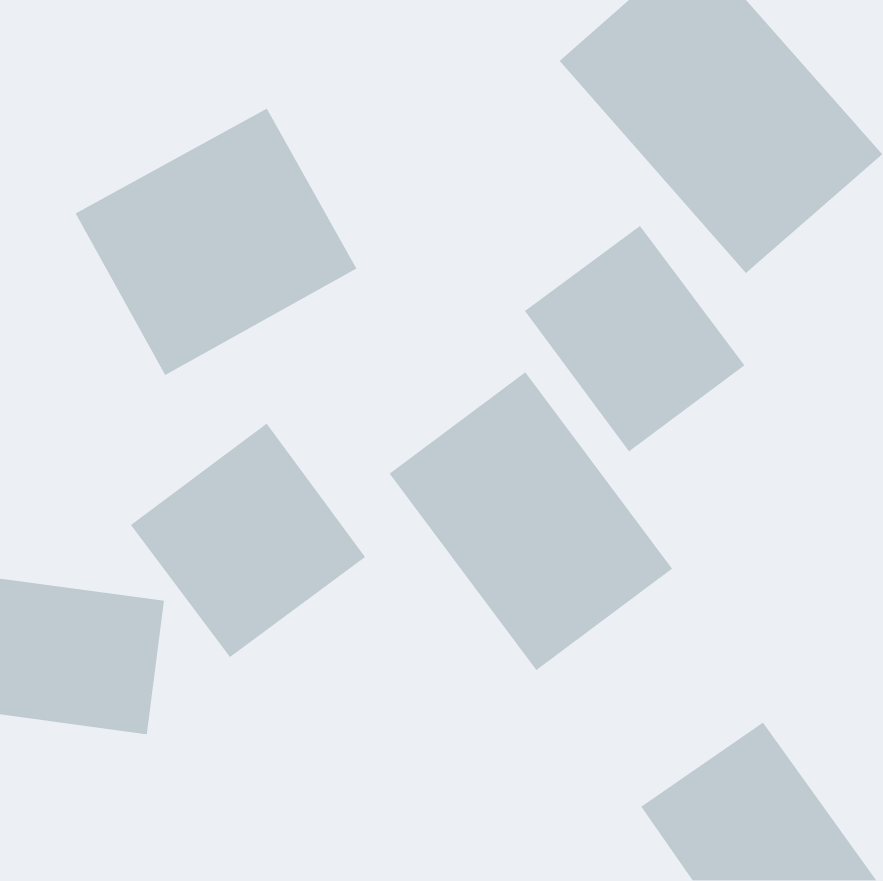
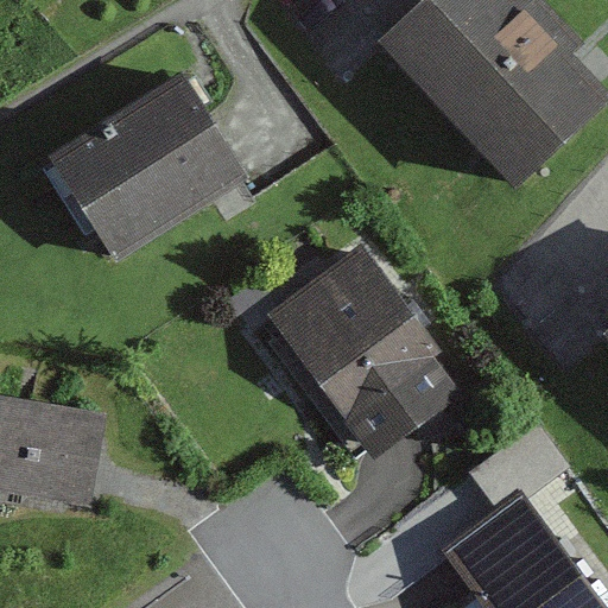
building: [524,225,746,453] -> none
building: [130,423,366,658] -> none

